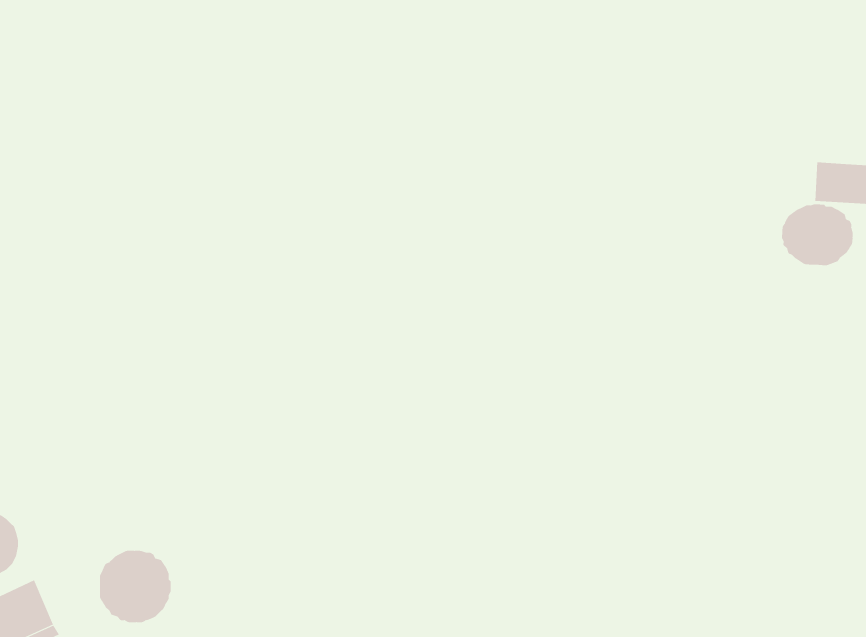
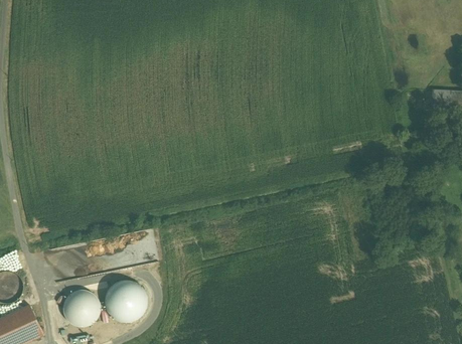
building: [781,203,853,266] -> none
building: none -> [103,279,146,322]

